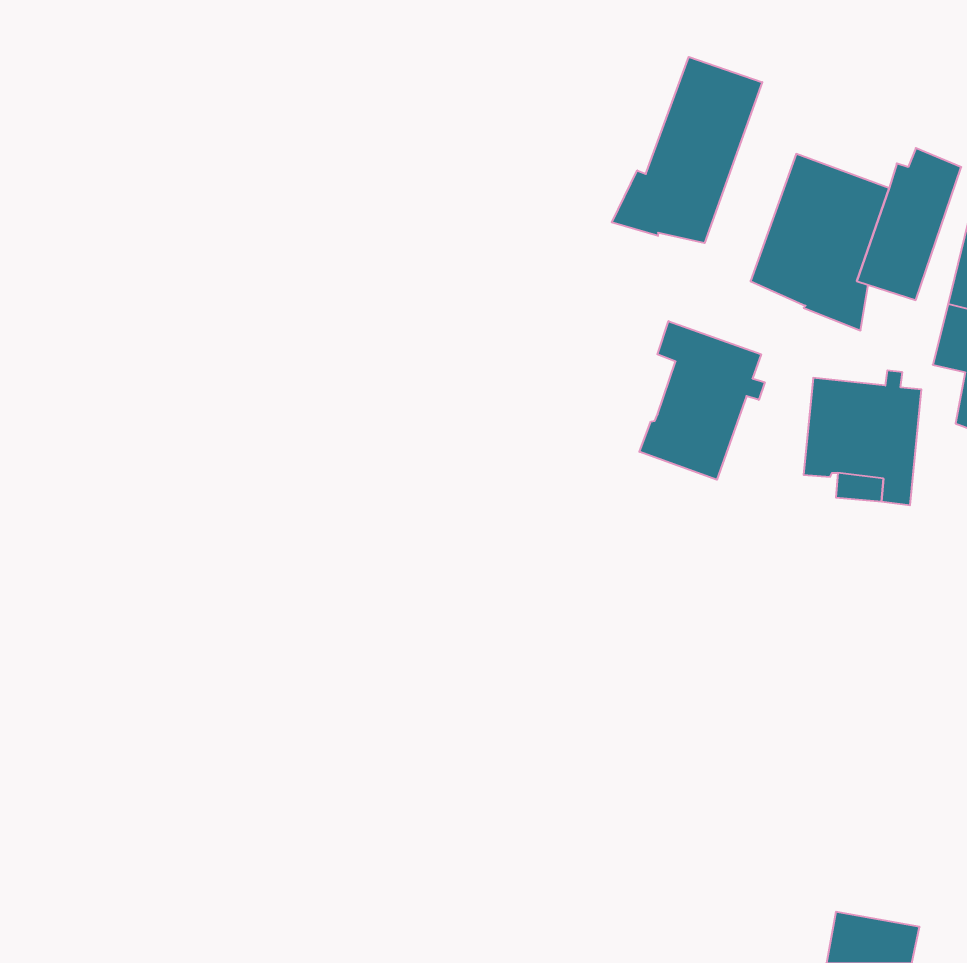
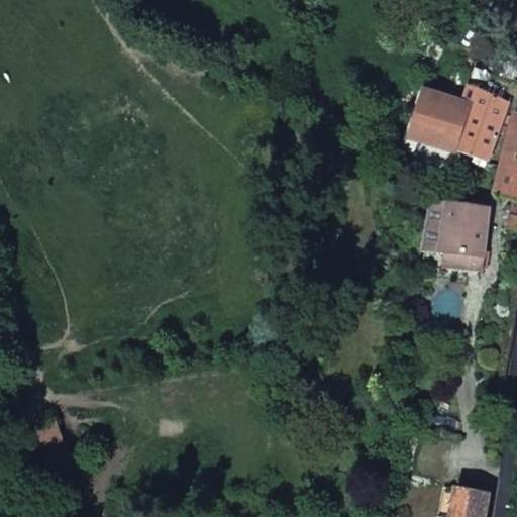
building: [612,57,762,243] -> none
building: [639,321,765,480] -> none

